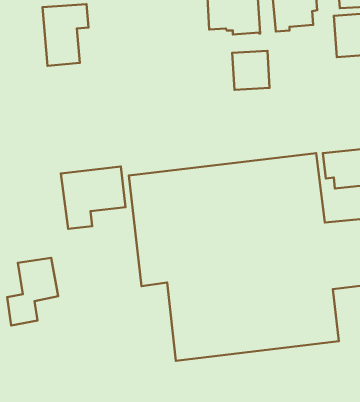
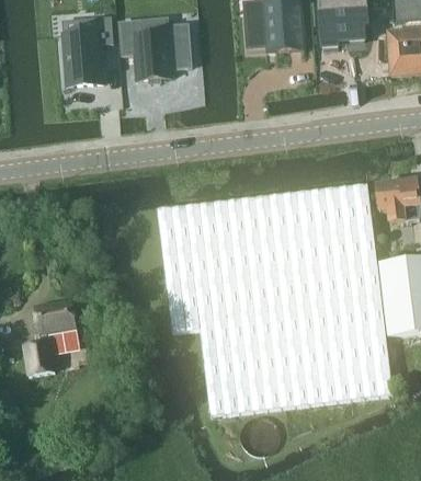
building: none -> [118,20,190,80]
building: [232,51,270,90] -> none
building: [61,166,125,229] -> none

